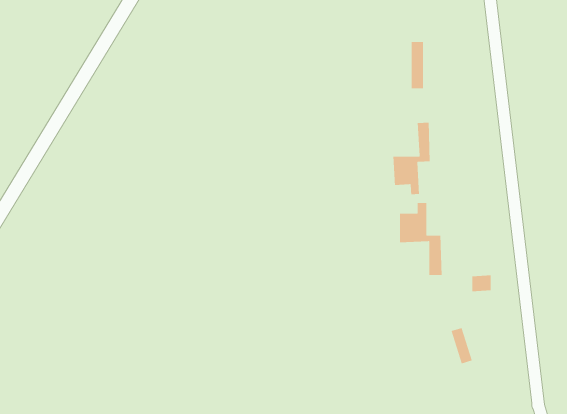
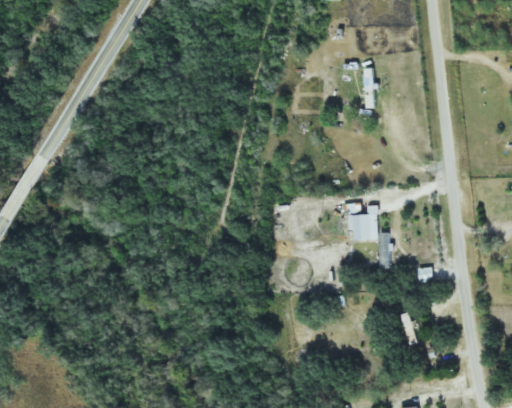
building: [393,122,431,195] -> none

